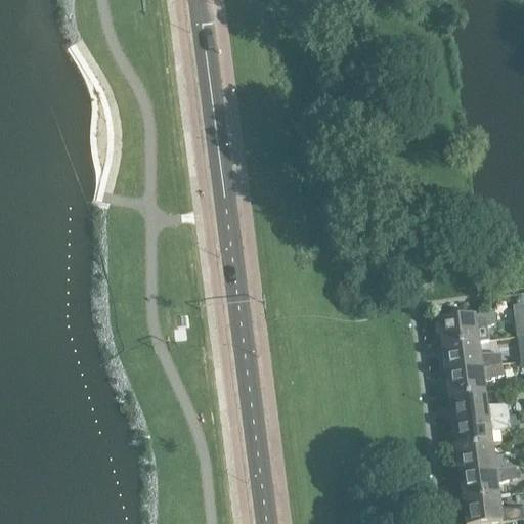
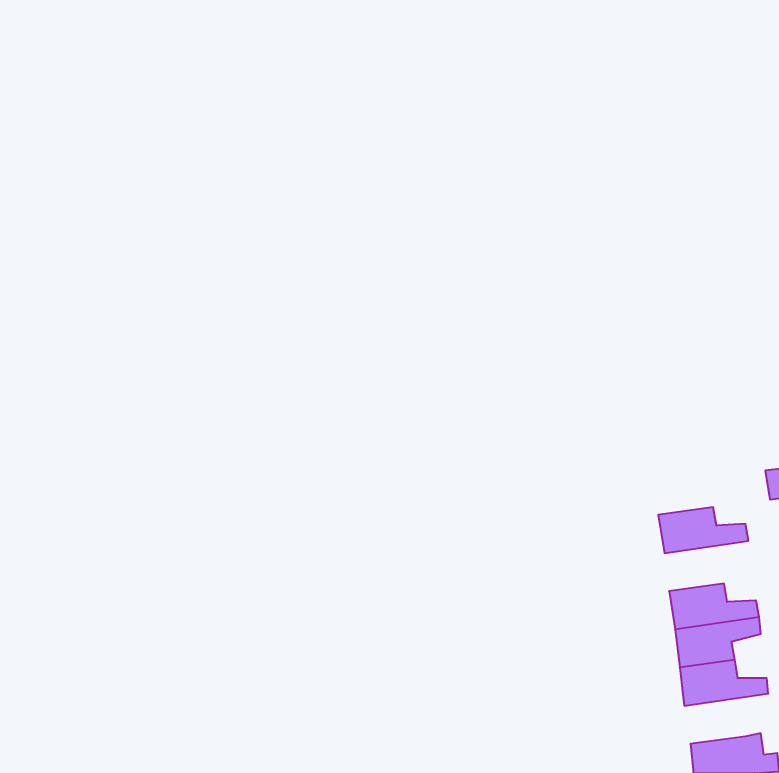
building: [439,310,496,345] -> none
building: [446,362,504,396] -> none
building: [460,465,518,498] -> none

